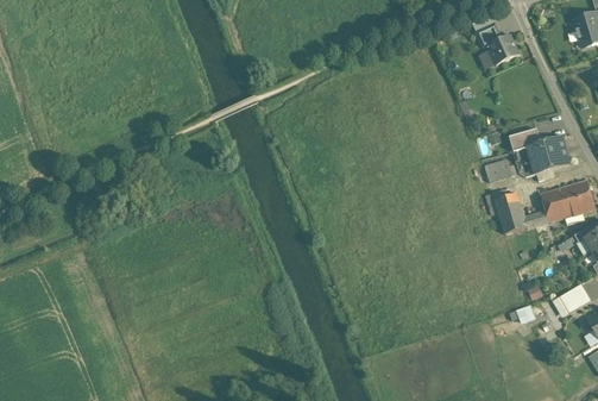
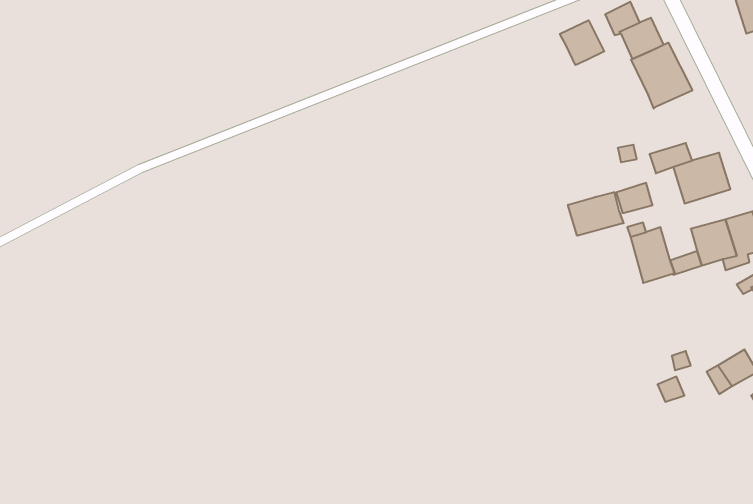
building: none -> [560,20,604,65]
building: none -> [631,43,692,109]
building: none -> [568,192,624,236]

